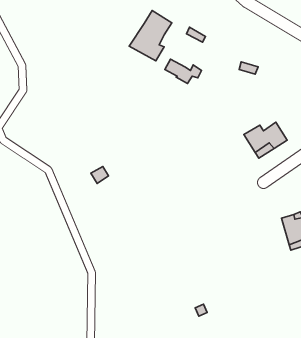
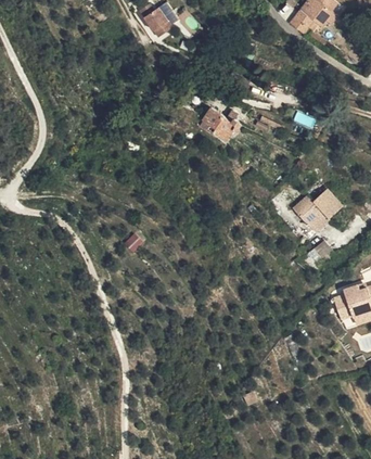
building: [129,11,172,61] -> none

